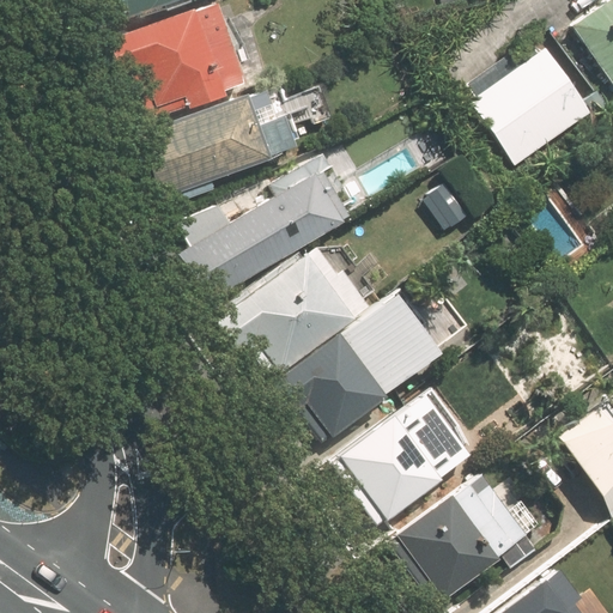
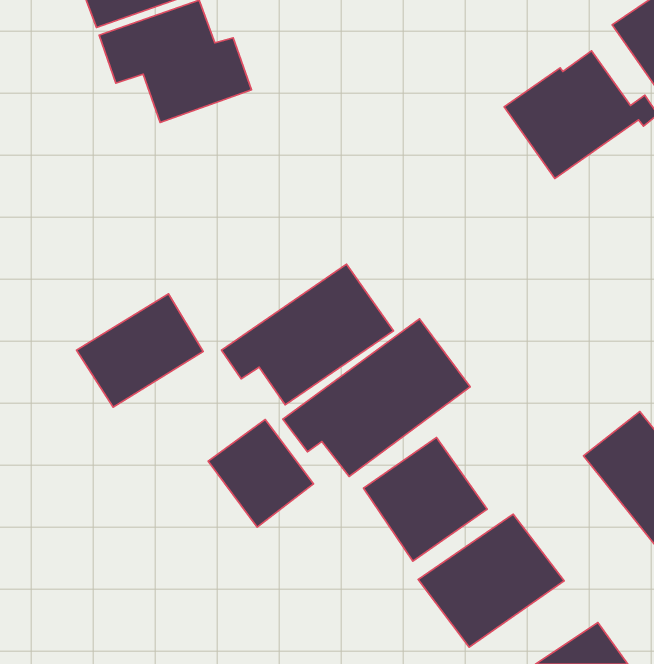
building: [138,92,302,198] -> none
building: [169,162,345,303] -> none
building: none -> [76,294,203,407]
building: none -> [208,419,313,527]

